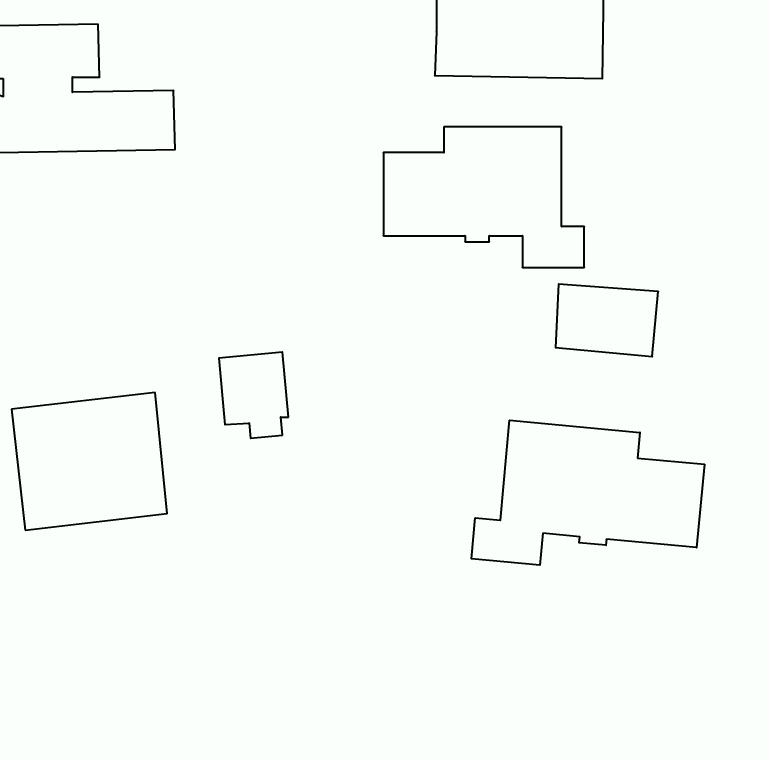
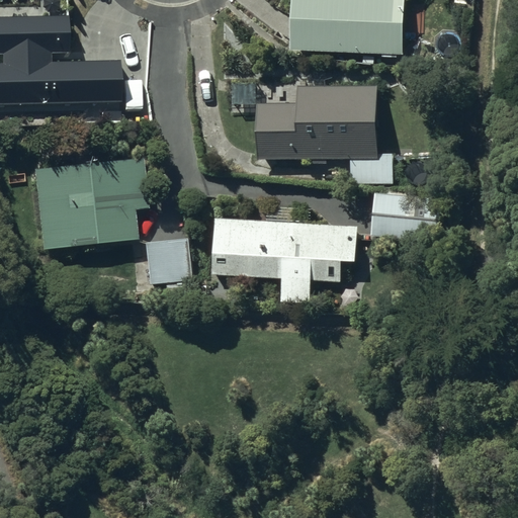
building: none -> [212,205,356,285]
building: [12,393,167,530] -> [31,160,136,252]
building: [471,420,704,565] -> none

